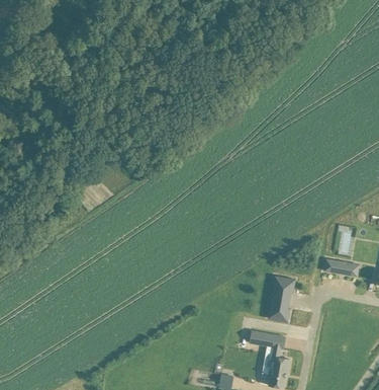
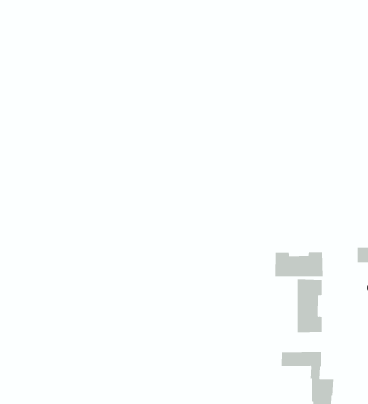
building: none -> [275,251,323,277]

